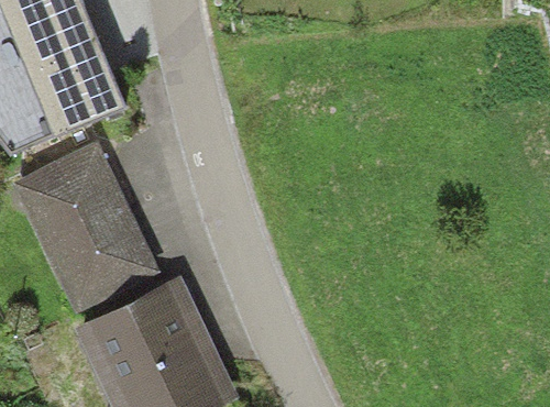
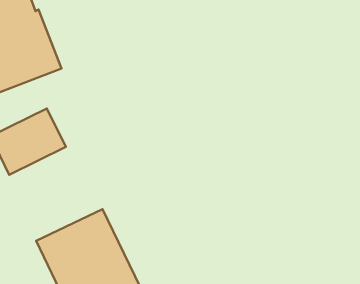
building: [48,209,155,310] -> none

